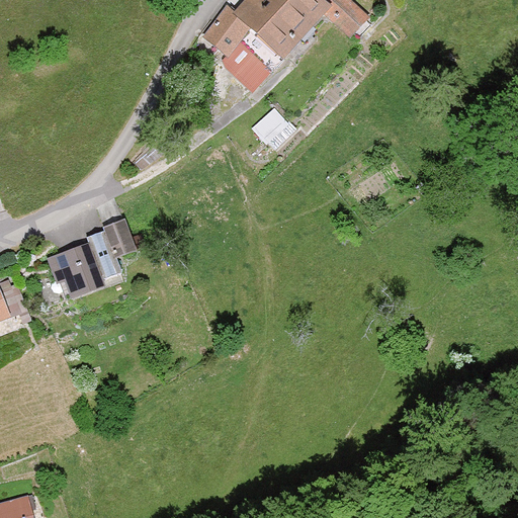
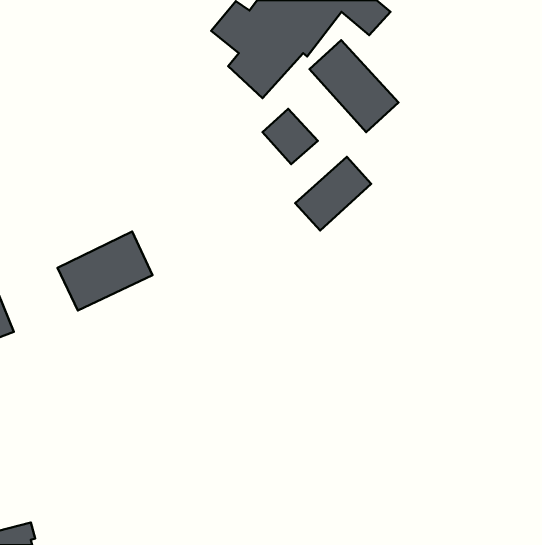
building: none -> [309,40,398,132]
building: none -> [295,157,371,230]

